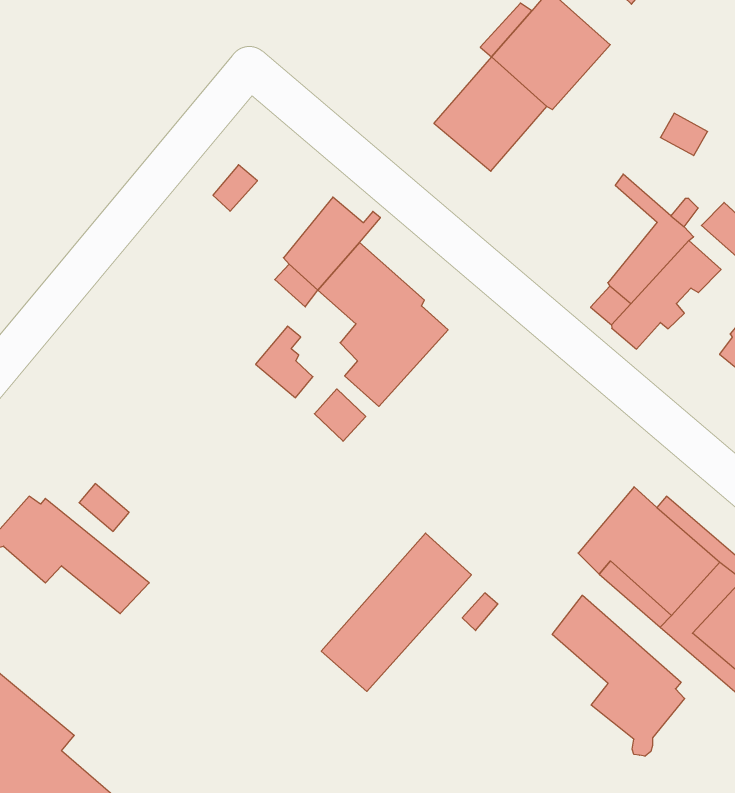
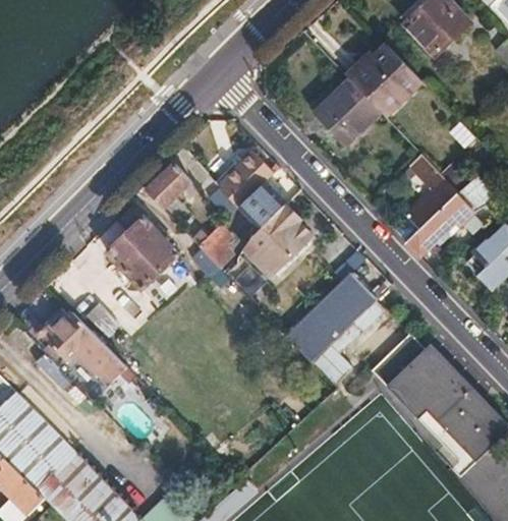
building: none -> [145,163,191,209]
building: none -> [106,218,177,288]
building: [321,533,471,691] -> [285,273,376,361]
building: [552,595,685,756] -> none

